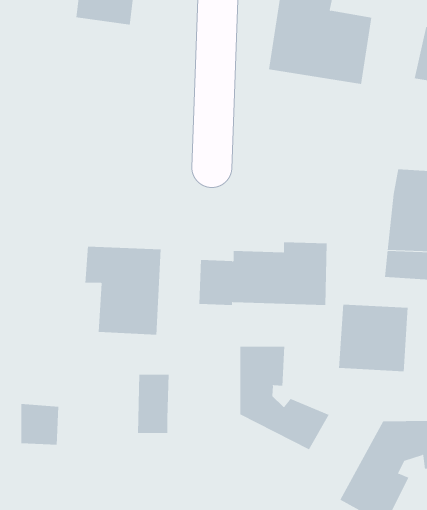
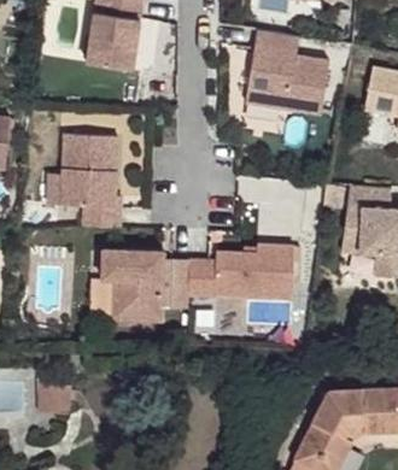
building: none -> [59,133,118,227]
building: [339,304,408,372] -> none
building: [240,346,329,450] -> none
building: [137,374,170,433] -> [162,259,188,307]

